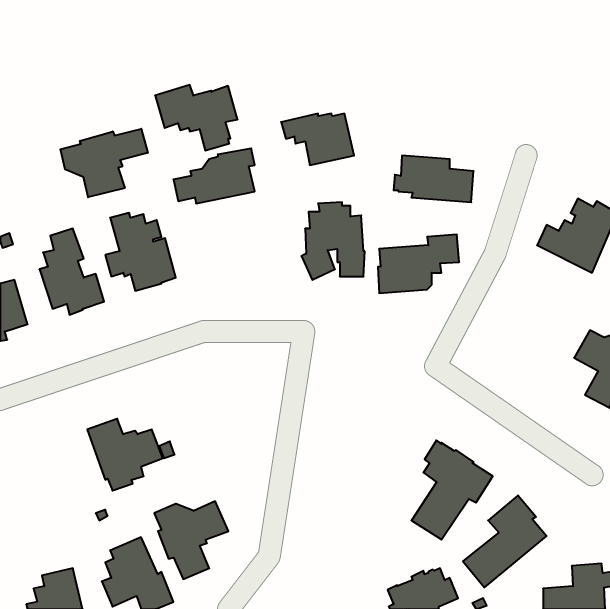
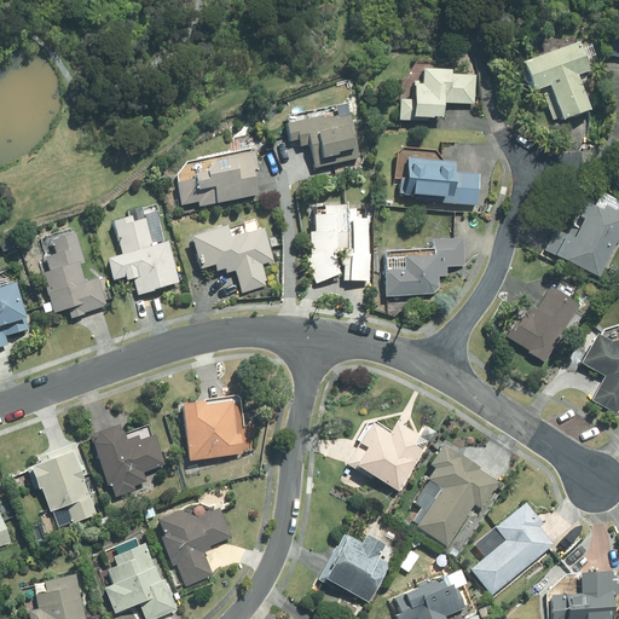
building: none -> [521,40,590,118]
building: none -> [399,68,476,120]
building: [155,85,238,151] -> [191,225,274,291]
building: [60,129,148,197] -> none
building: none -> [507,285,580,361]
building: none -> [181,400,243,461]
building: none -> [347,421,428,491]
building: none -> [27,441,97,522]
building: none -> [318,533,391,602]

